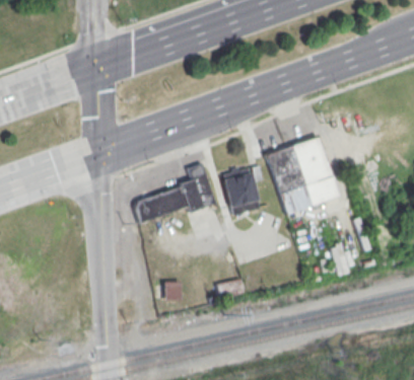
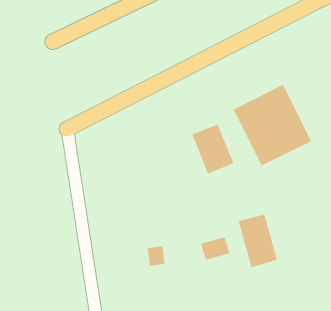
building: [135,163,216,224] -> none
building: none -> [238,214,278,268]

